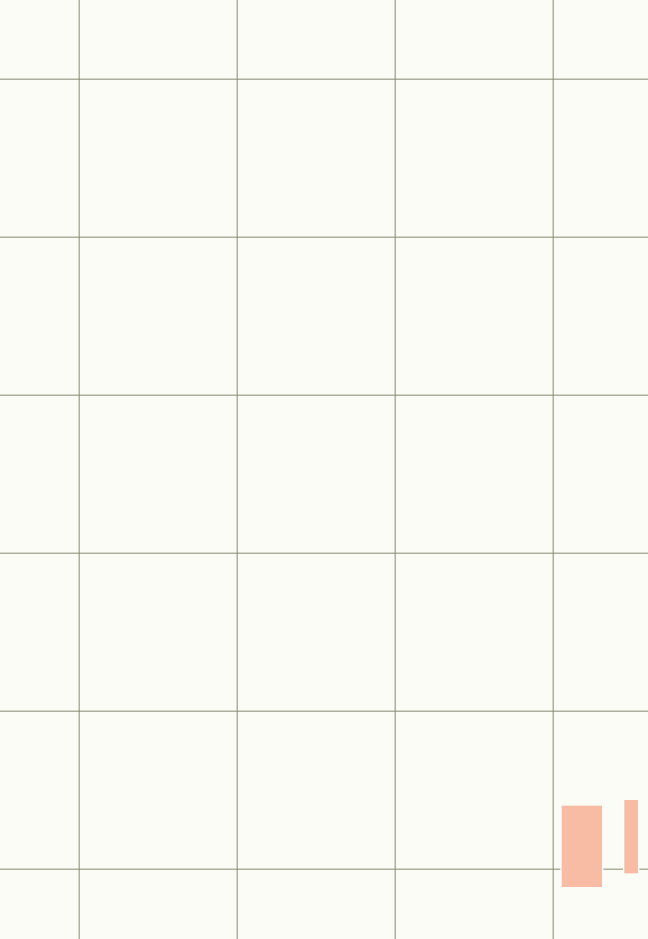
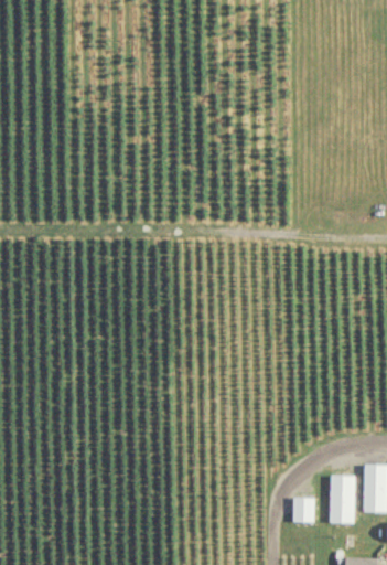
building: none -> [293,498,314,522]

